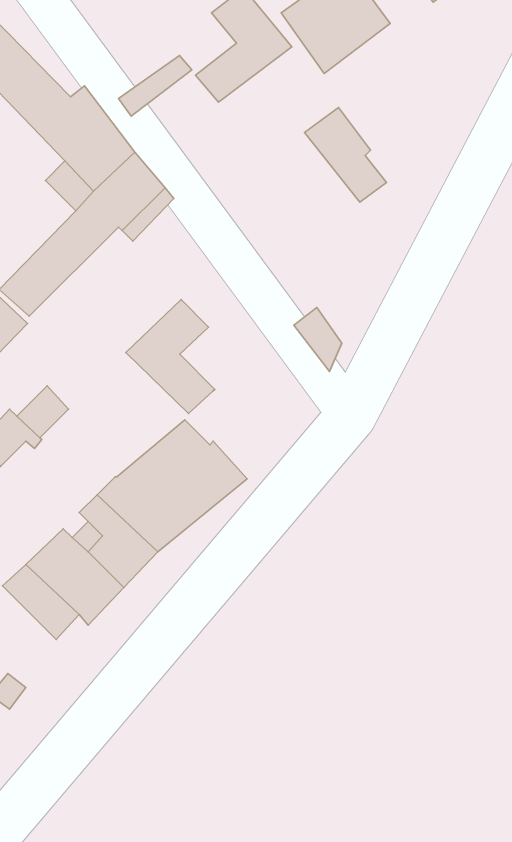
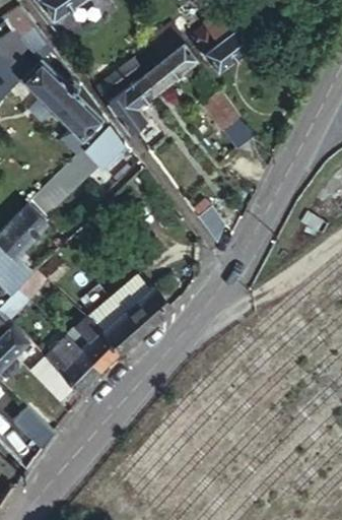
building: none -> [109,80,154,132]
building: [126,300,215,413] -> none

